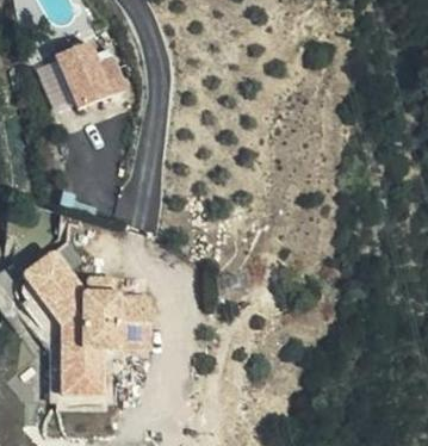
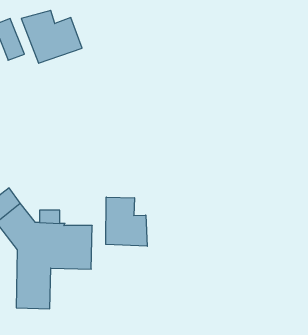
building: none -> [106,197,147,246]

